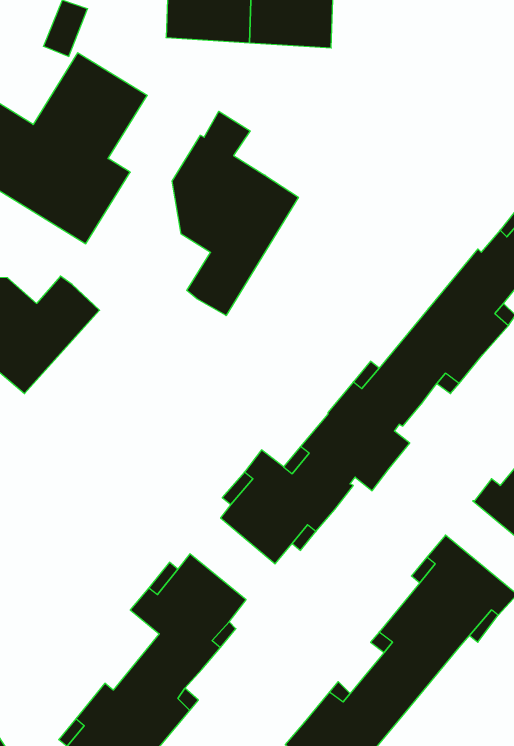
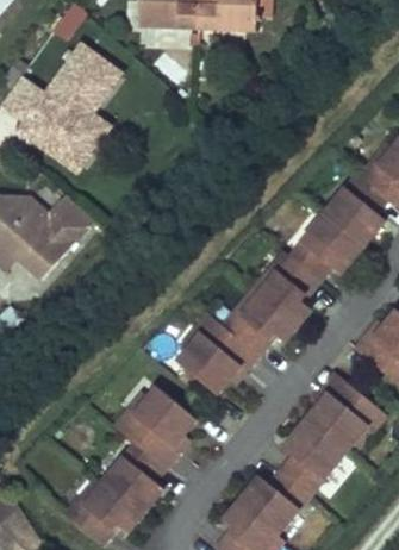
building: [172,111,298,316] -> none

